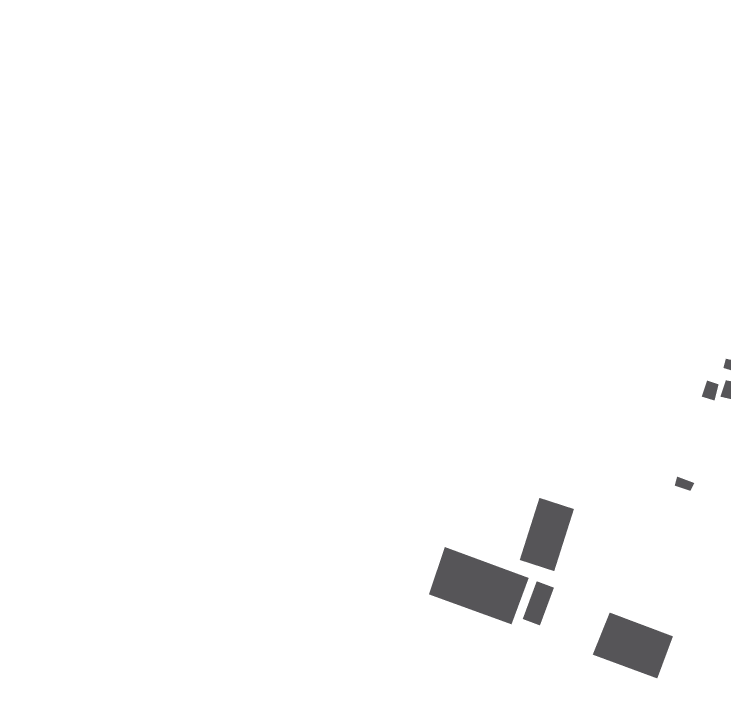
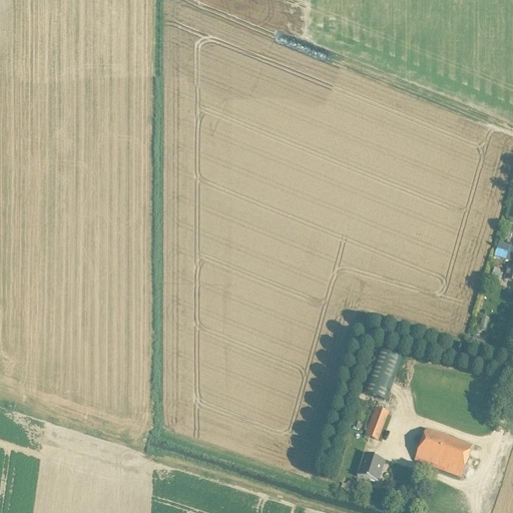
building: [428,546,529,625] -> none
building: none -> [358,452,386,481]

